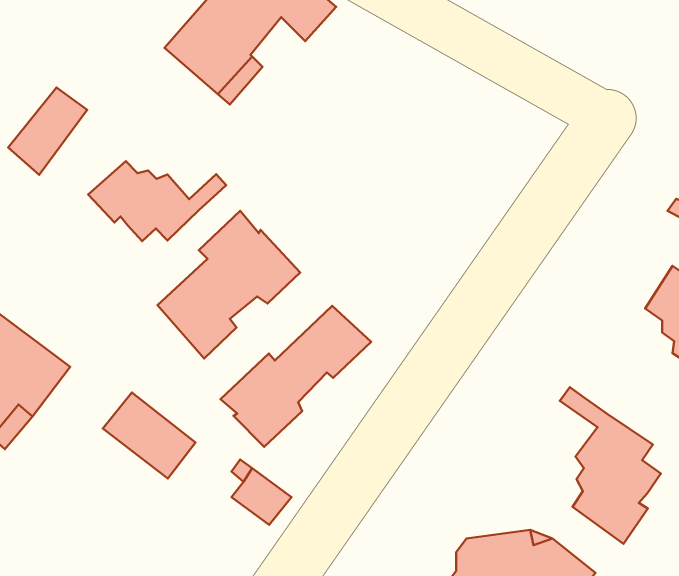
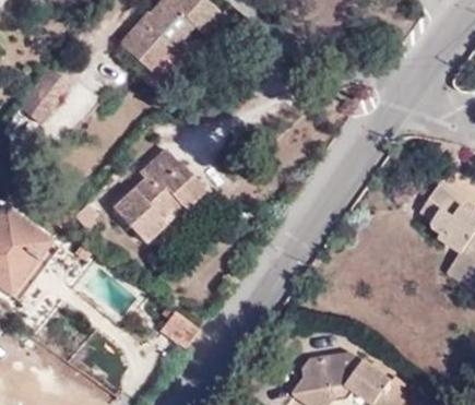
building: [88,161,226,241] -> none
building: [221,306,371,447] -> none
building: [560,387,661,544] -> none

